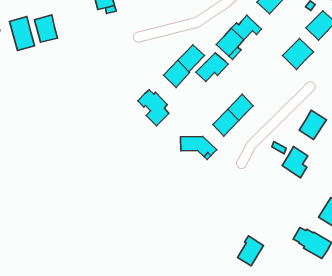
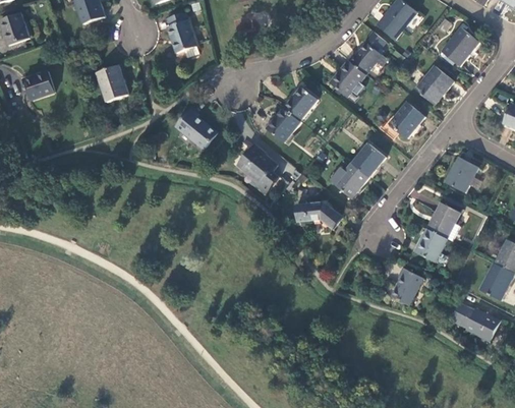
building: [10,16,34,50] -> none
building: [196,53,228,82] -> none
building: none -> [174,107,215,149]
building: none -> [390,102,424,137]
building: none -> [415,228,446,261]
building: [238,236,264,266] -> [391,265,422,302]

